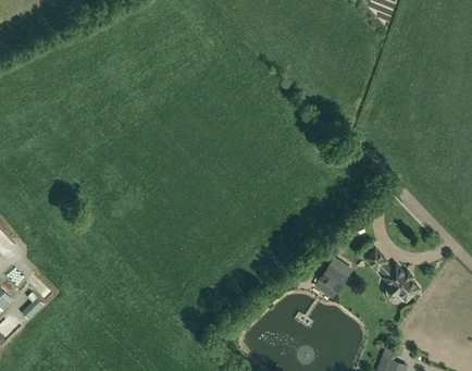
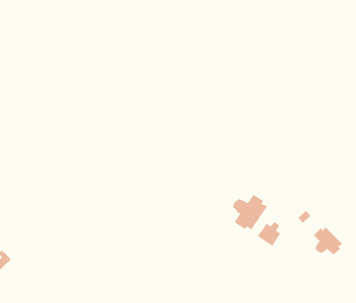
building: none -> [232,194,268,230]

